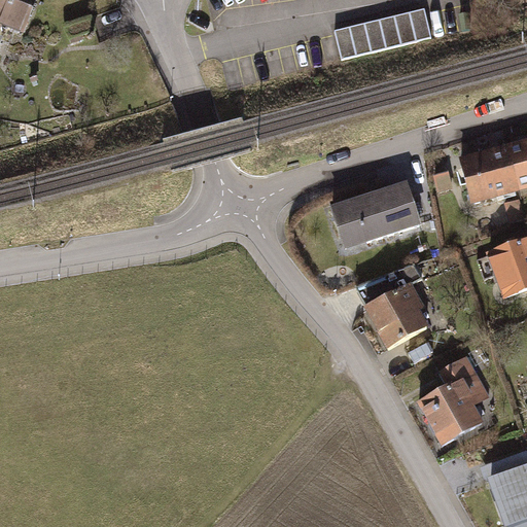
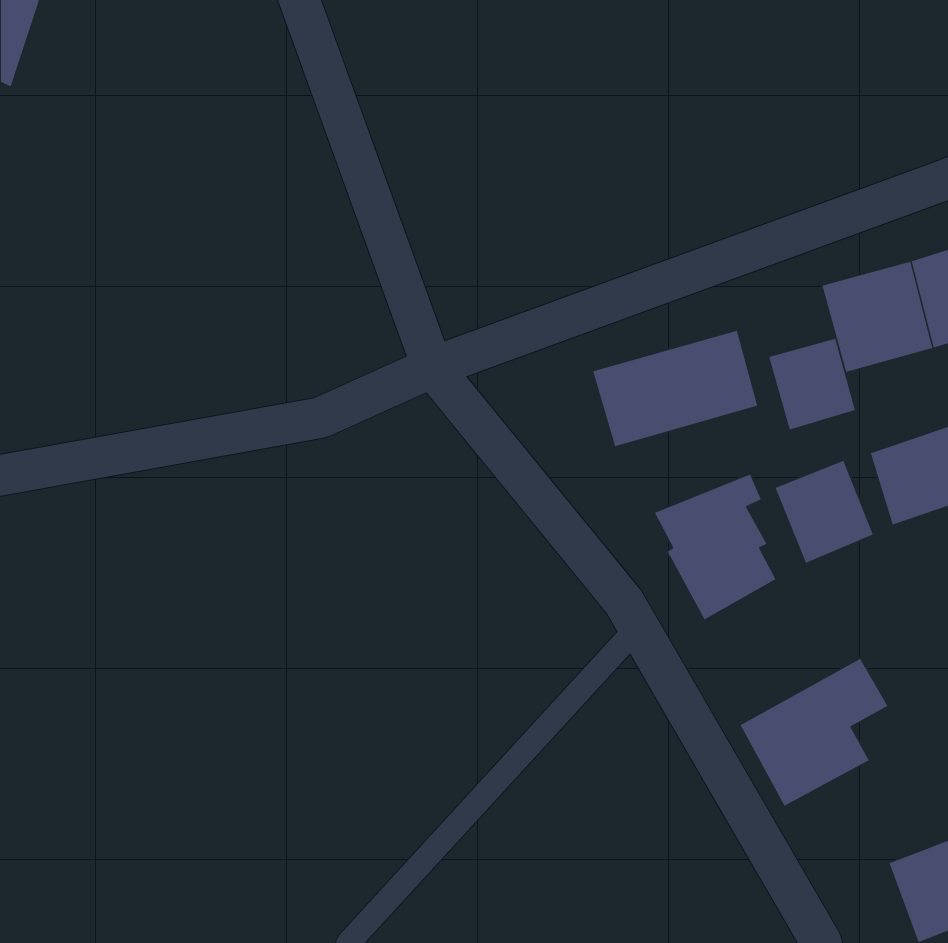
building: [336,7,433,57] -> none
building: none -> [768,338,856,430]
building: none -> [775,460,874,564]

